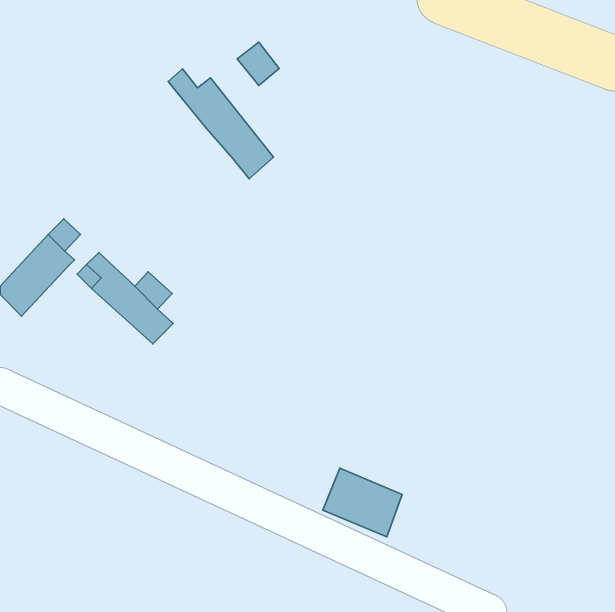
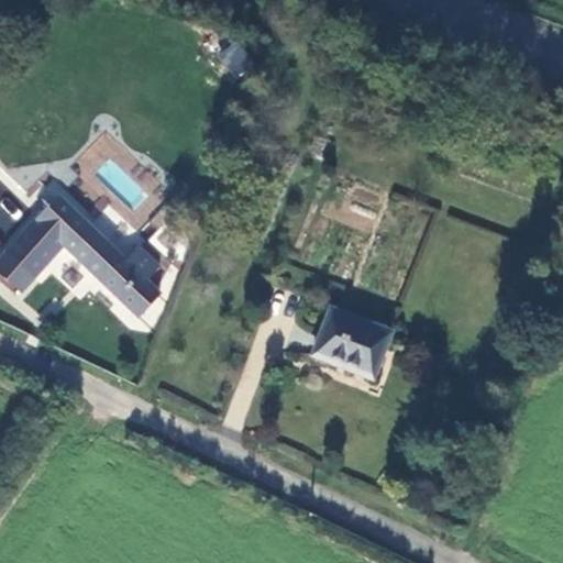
building: [168,69,273,179] -> none
building: [323,468,402,537] -> [313,311,386,374]

